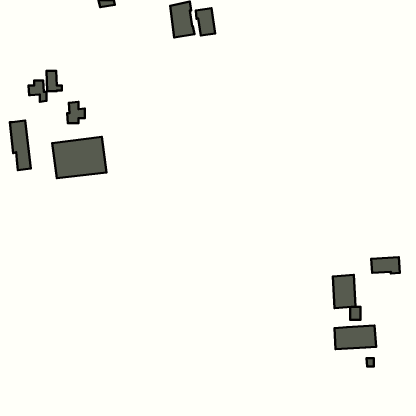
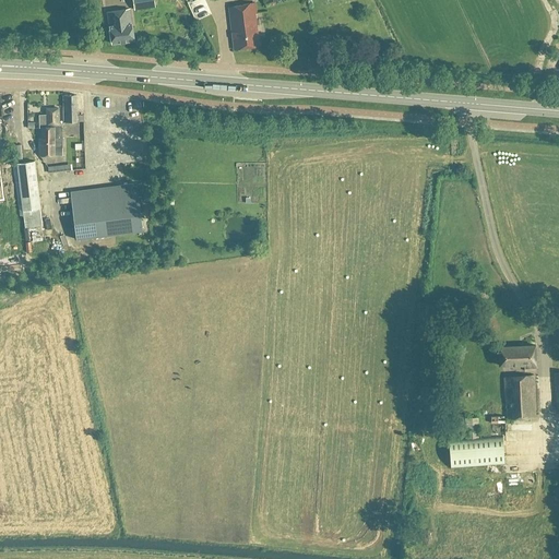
building: none -> [107,9,133,44]
building: [196,8,215,36] -> none
building: [67,102,85,123] -> [38,127,62,155]
building: [333,275,356,308] -> [504,374,535,419]

